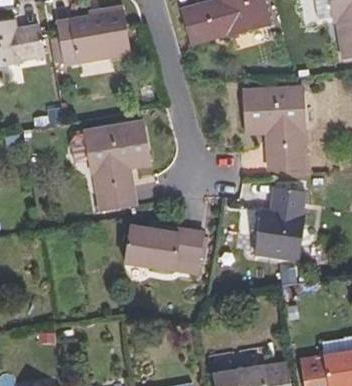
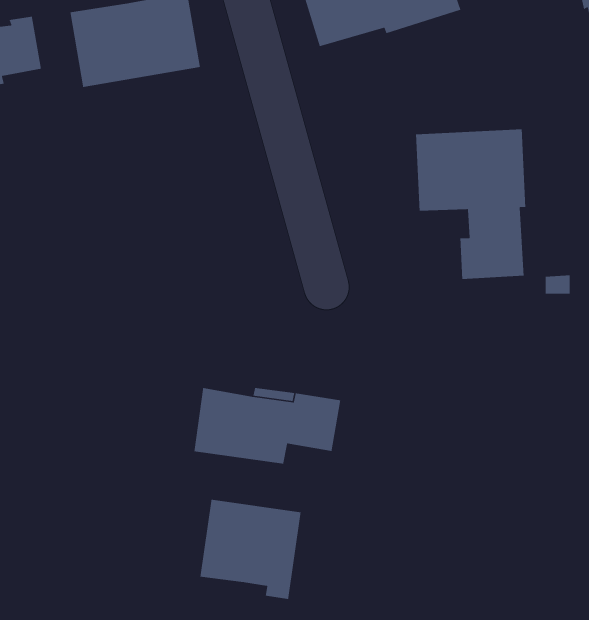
building: [84,120,148,208] -> none
building: [255,188,303,259] -> none
building: none -> [200,499,302,600]

